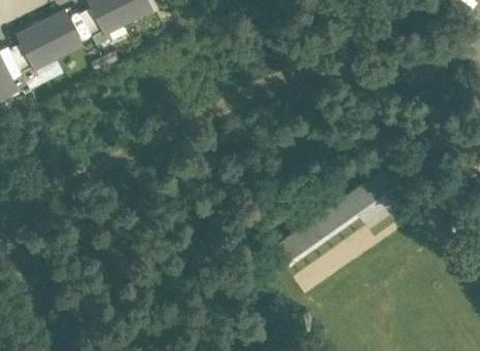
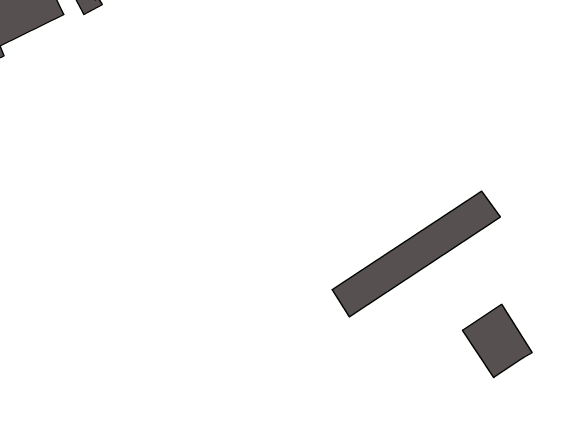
building: none -> [463,304,532,378]

